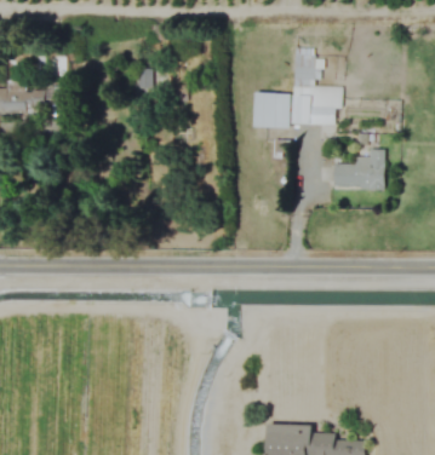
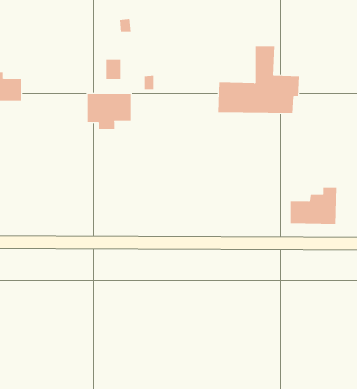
building: none -> [87,93,131,130]
building: [333,149,384,189] -> [290,187,337,225]

